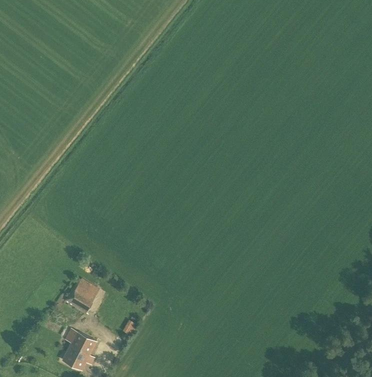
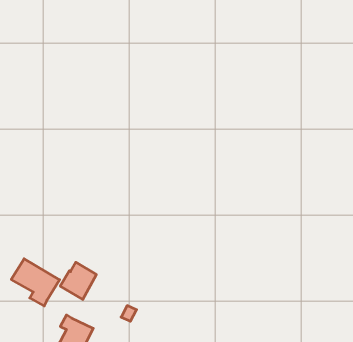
building: none -> [11,259,60,306]

